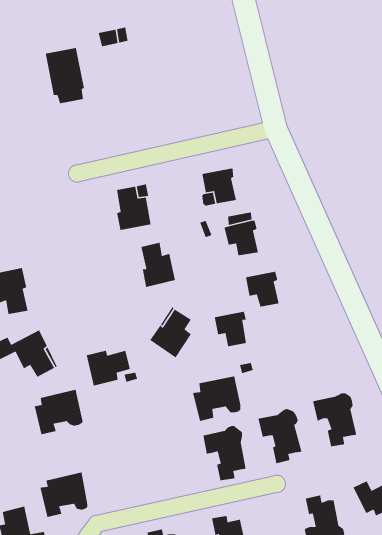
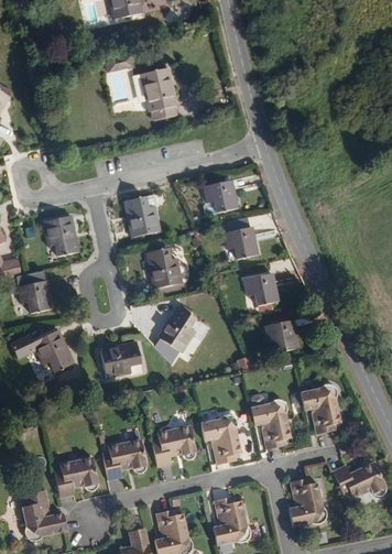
building: [45,47,85,104] -> [140,67,176,119]
building: none -> [43,215,74,257]
building: [214,311,247,347] -> [262,321,292,354]
building: [192,376,241,422] -> [154,424,198,466]
building: [34,389,84,435] -> [105,437,150,479]

